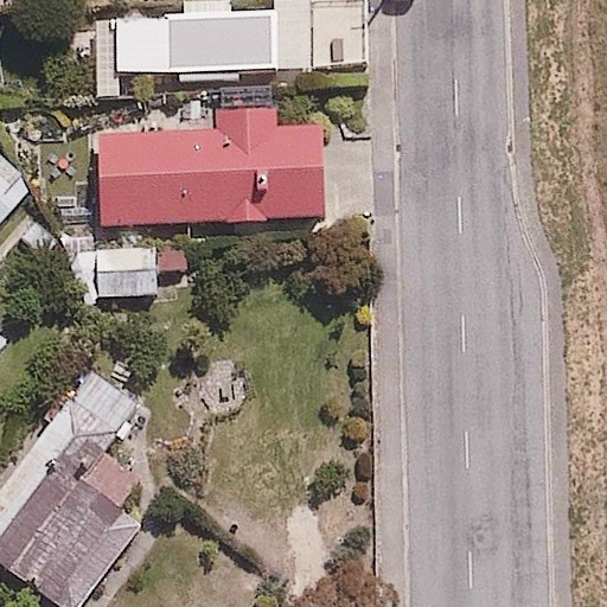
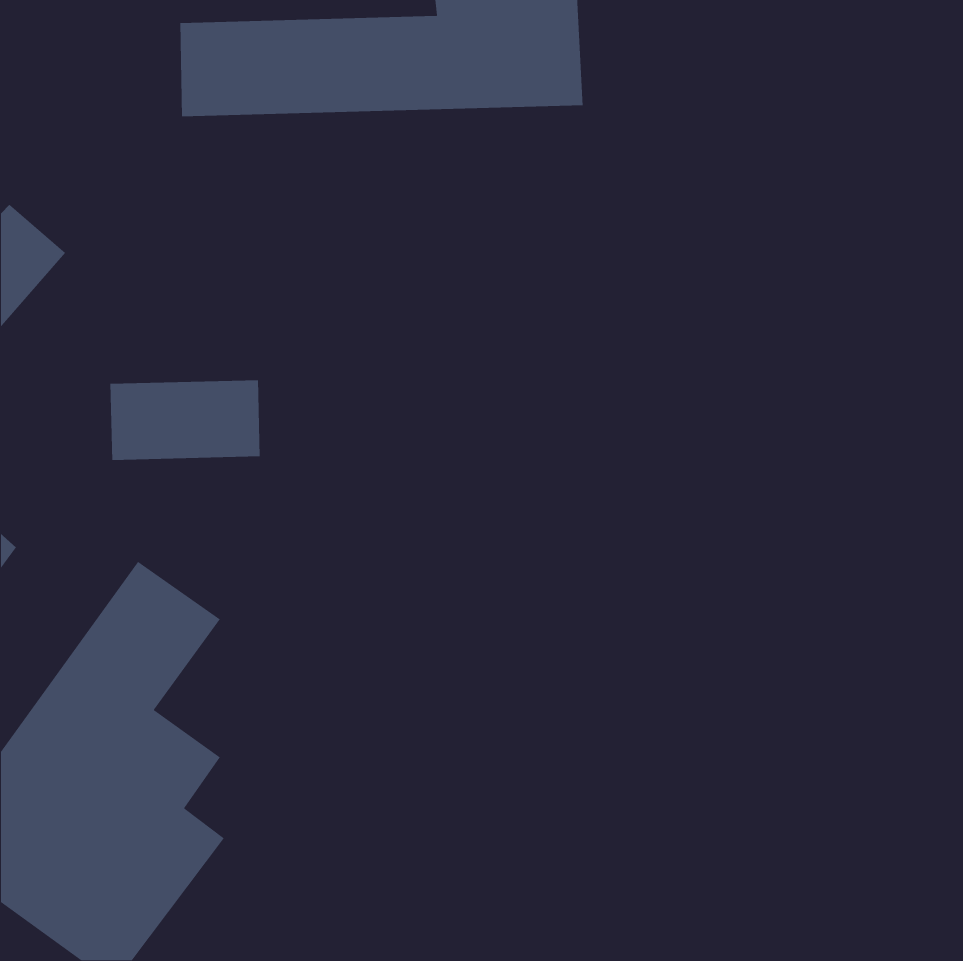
building: [90,103,340,225] -> none

